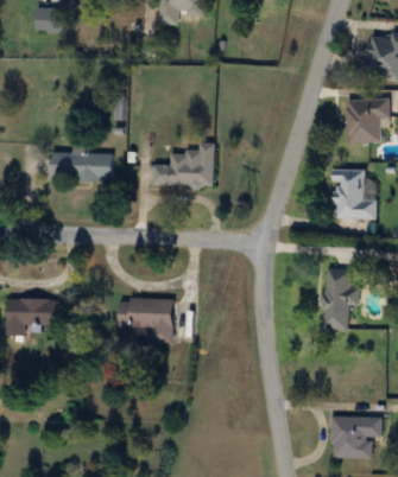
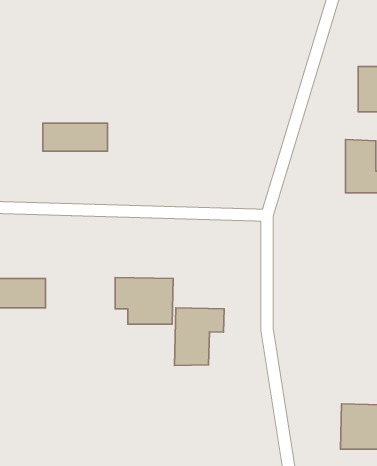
building: [153,141,214,185] -> none
building: [324,267,359,329] -> none
building: none -> [175,308,224,366]

